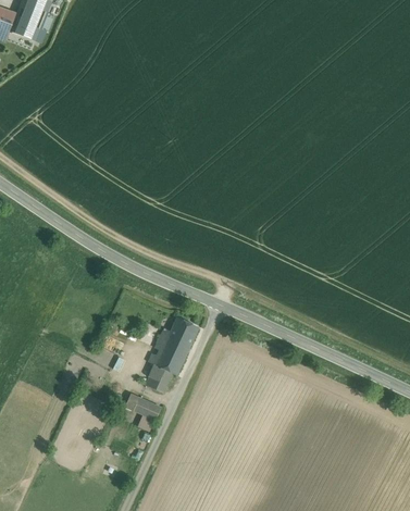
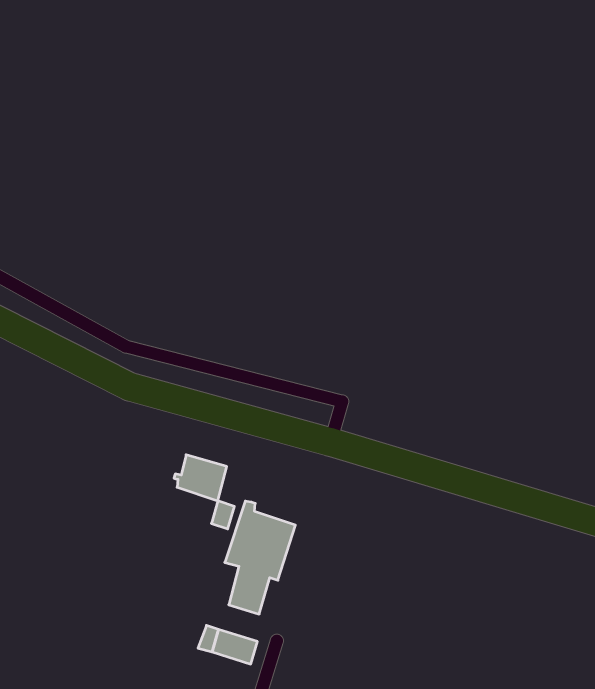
building: [167,316,198,345] -> [174,455,227,501]

